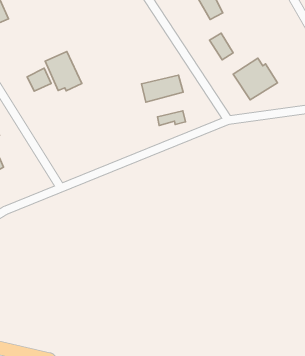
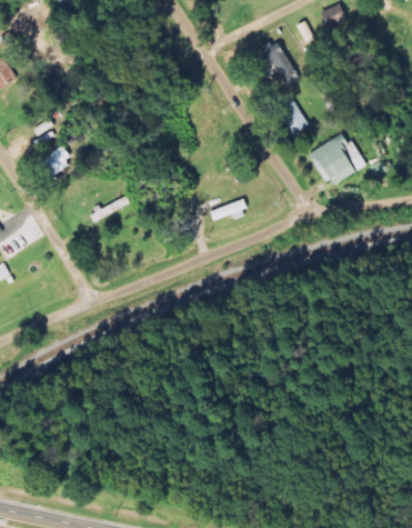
building: [45,52,82,91] -> none
building: [142,75,183,102] -> none

